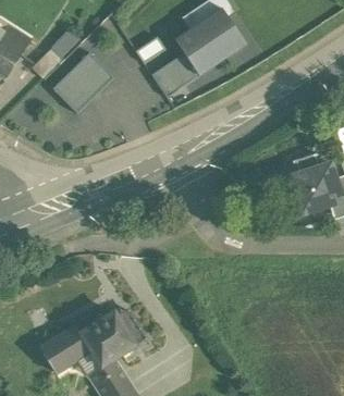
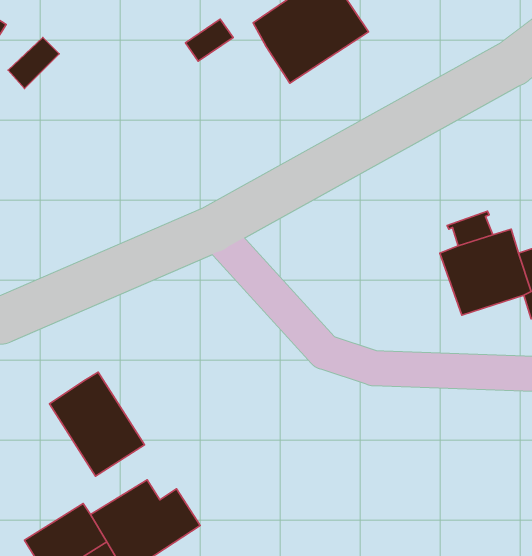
building: [53,52,114,113] -> none
building: [152,53,199,96] -> none
building: none -> [49,372,145,476]

